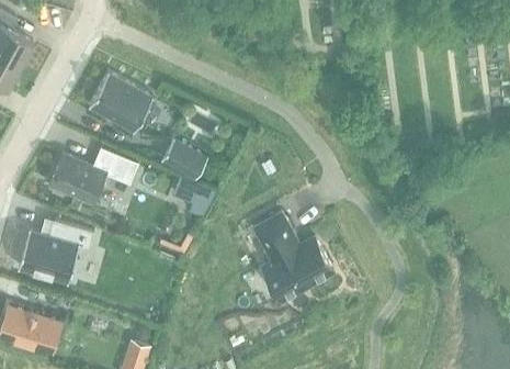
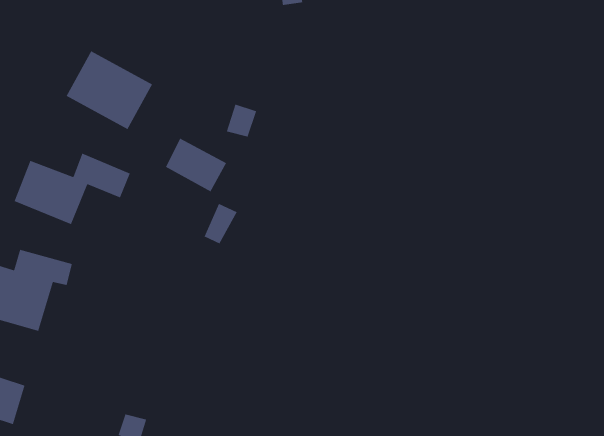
building: [252,212,332,300] -> none

